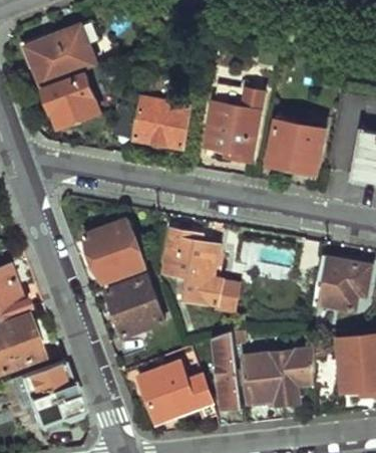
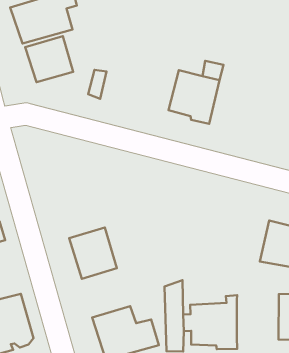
building: [136,98,192,148] -> none
building: [269,120,326,172] -> none
building: [85,223,144,283] -> none
building: [165,232,239,311] -> none
building: [296,347,318,389] -> none

